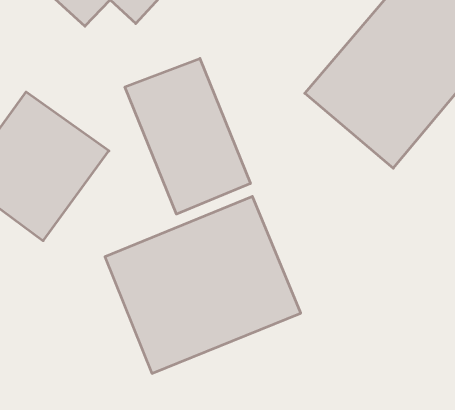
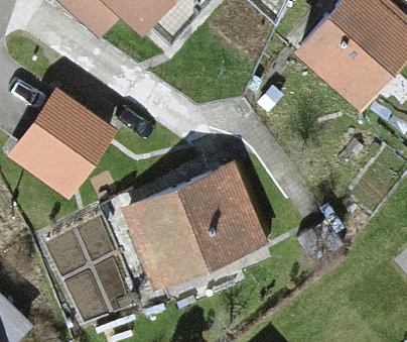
building: [125,58,250,214] -> none

